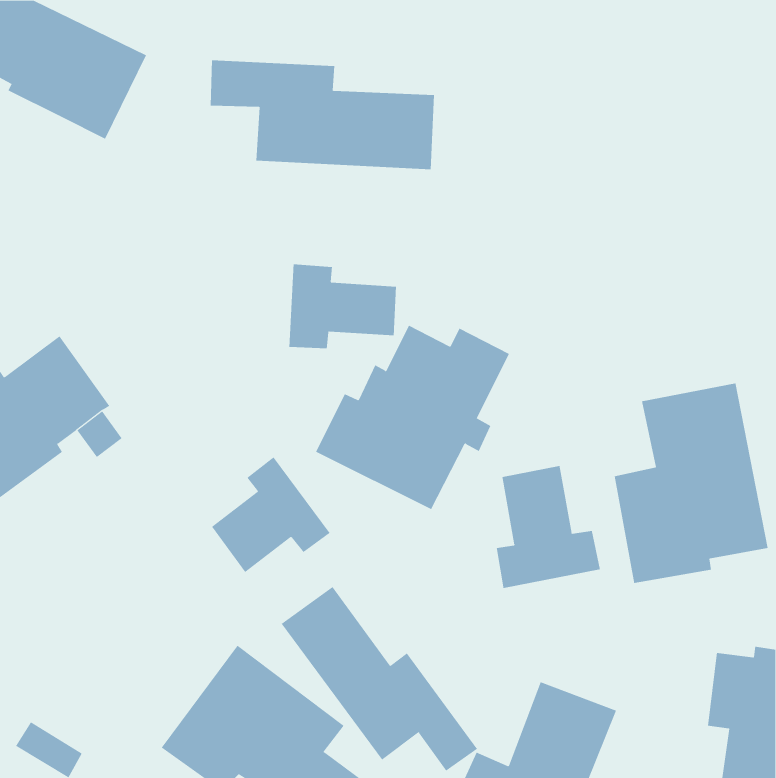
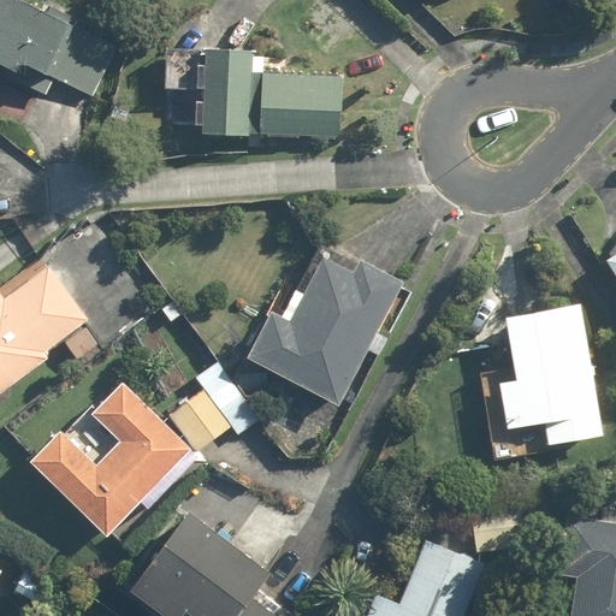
building: [289,264,397,349] -> none
building: [496,465,600,589] -> none
building: none -> [34,386,195,533]
building: [281,586,478,772] -> none

